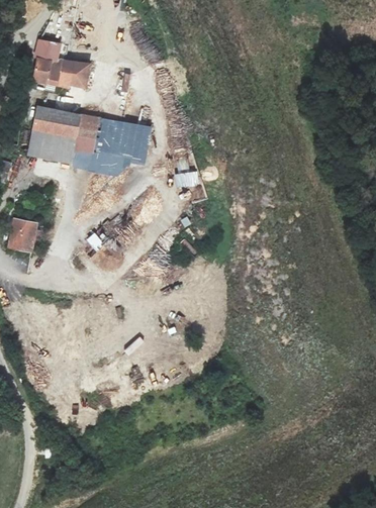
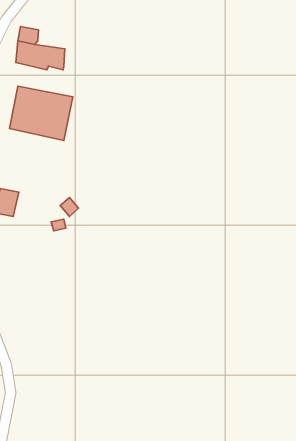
building: [88,118,150,174] -> none

